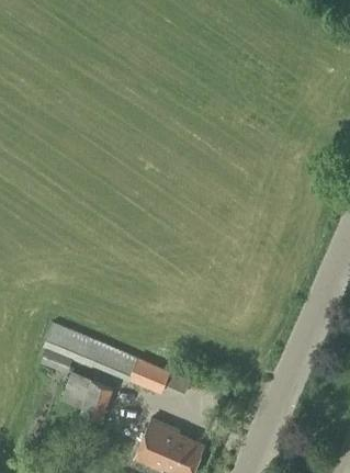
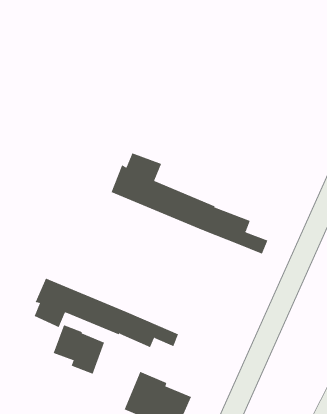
building: none -> [111,152,268,255]

